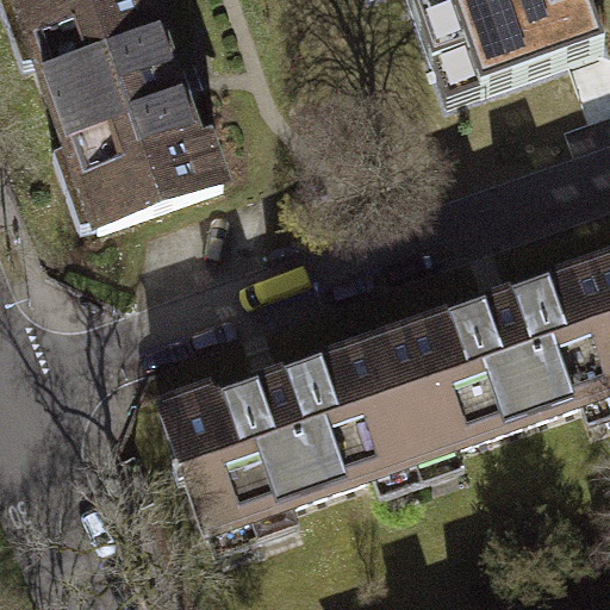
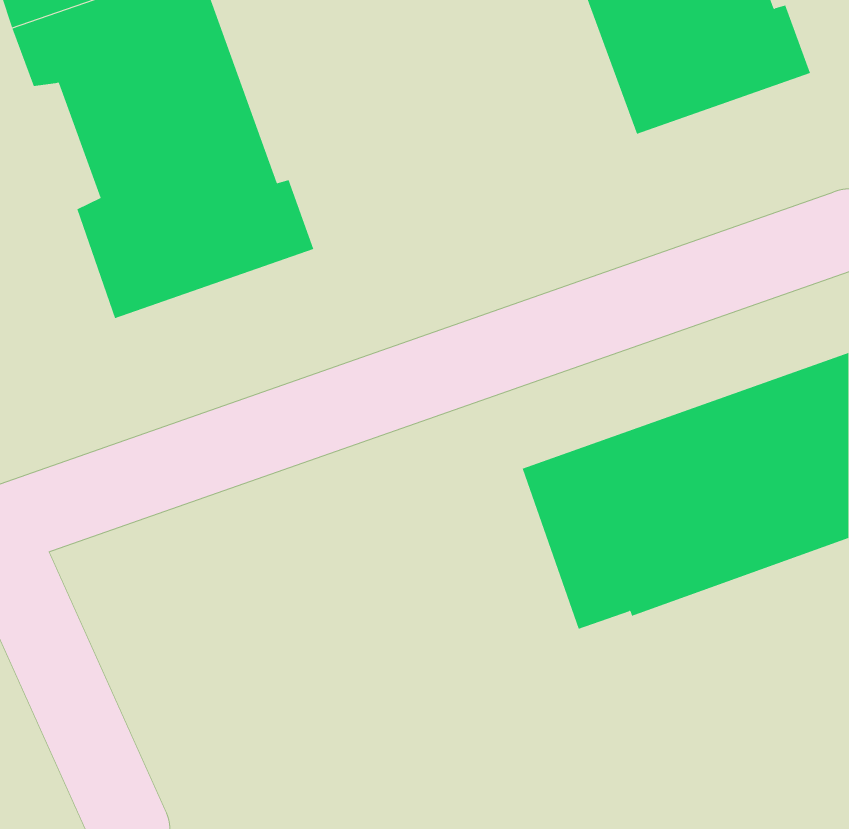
building: [161,336,415,529] -> none

